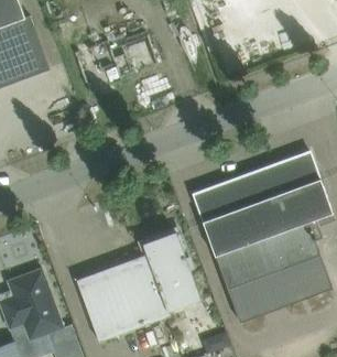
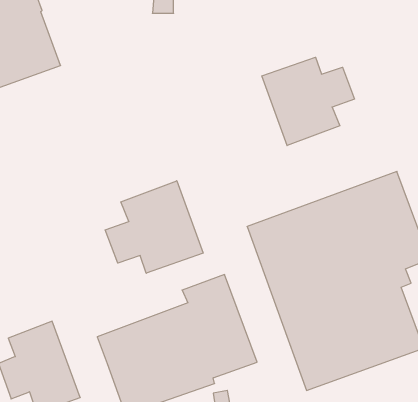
building: none -> [262,57,355,146]
building: none -> [105,181,203,273]

